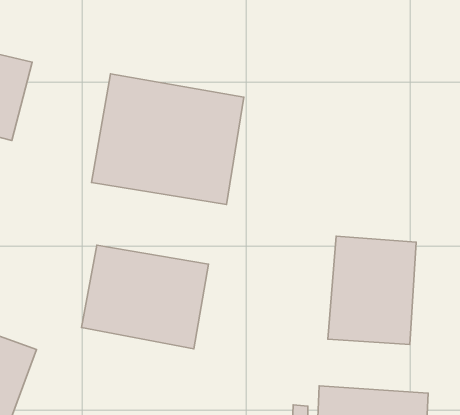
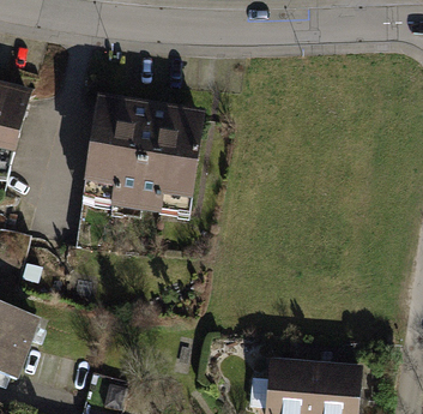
building: [328,236,416,345] -> none
building: [82,245,209,349] -> none

